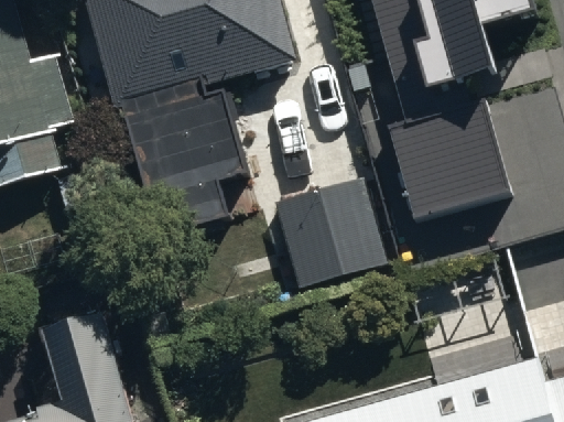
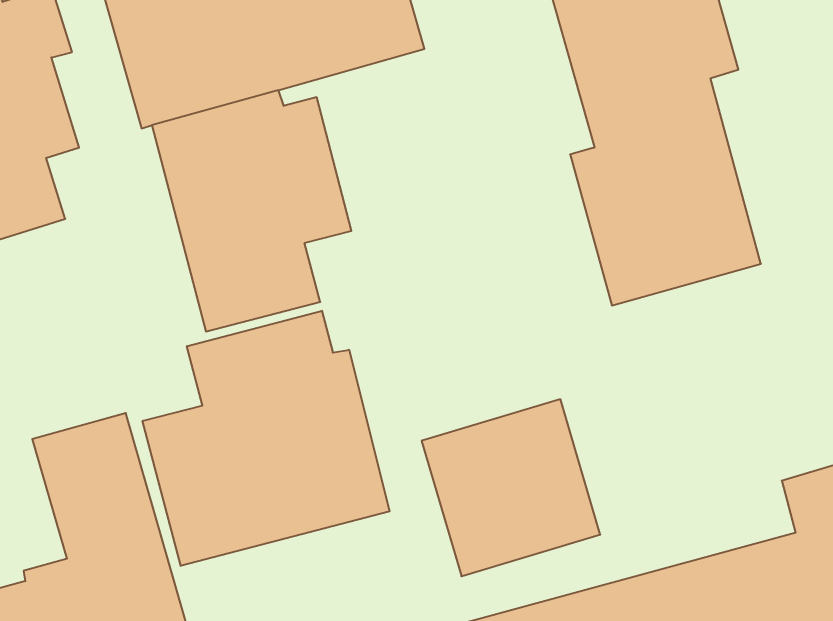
building: [272,169,386,281] -> [422,399,600,576]
building: none -> [143,311,390,566]

